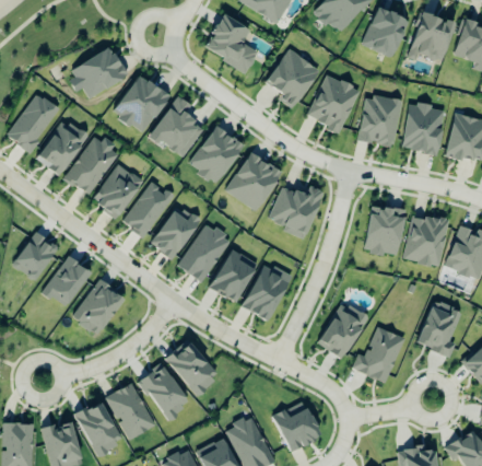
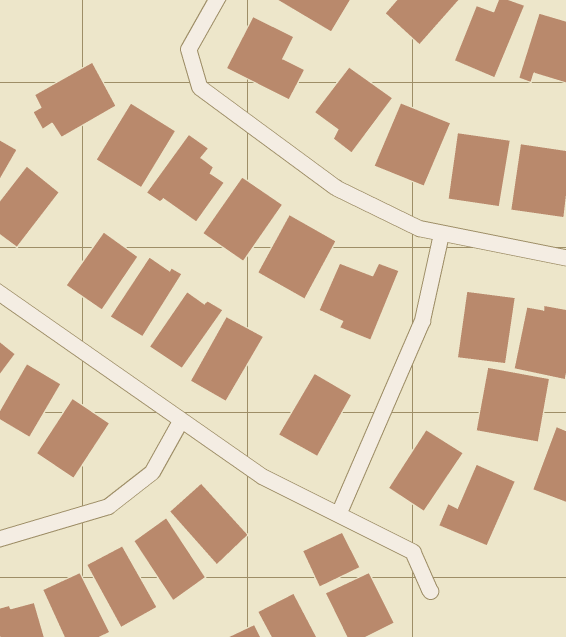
building: [64,135,121,196] -> none
building: [210,249,255,303] -> none
building: none -> [476,367,550,442]
building: none -> [302,532,360,587]

